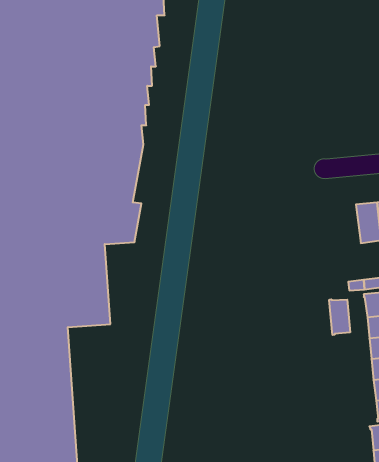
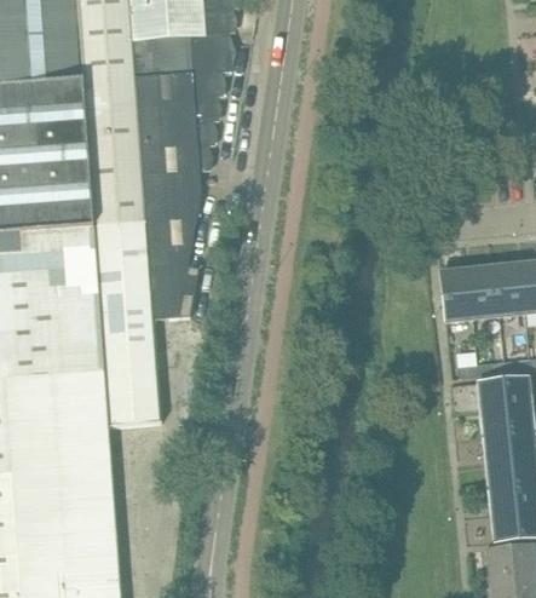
building: none -> [439,270,473,322]
building: [329,299,350,335] -> none

